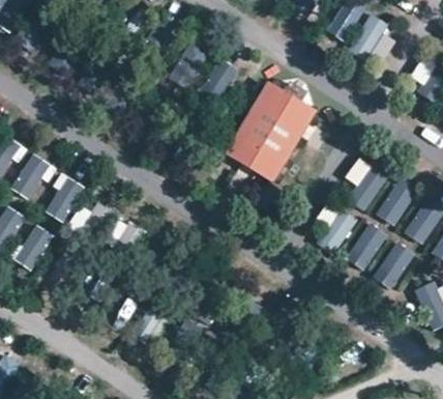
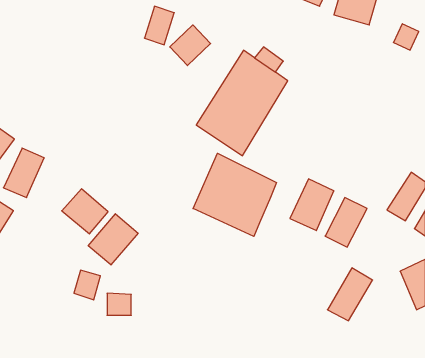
building: [345,156,390,211] -> none
building: [377,180,415,226] -> none
building: none -> [193,153,277,236]
building: none -> [88,214,138,265]
building: [372,241,414,291] -> [327,268,373,321]

